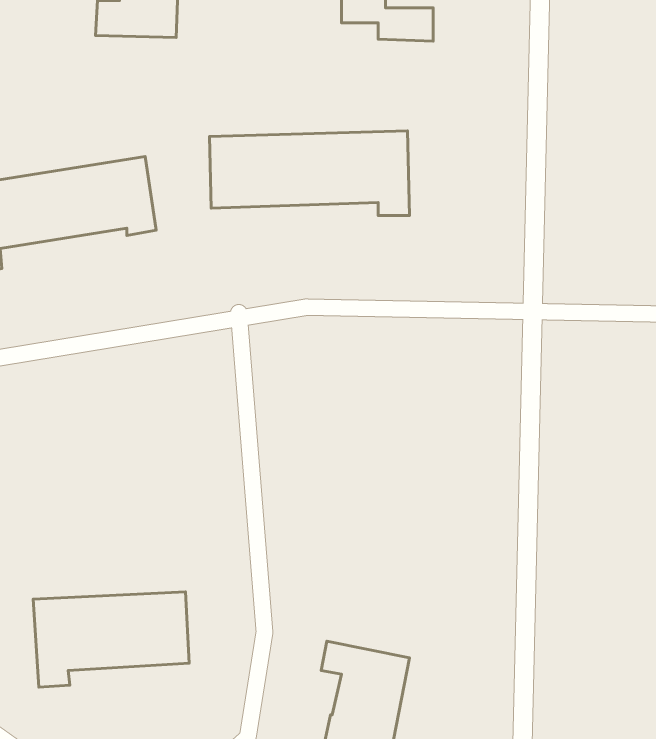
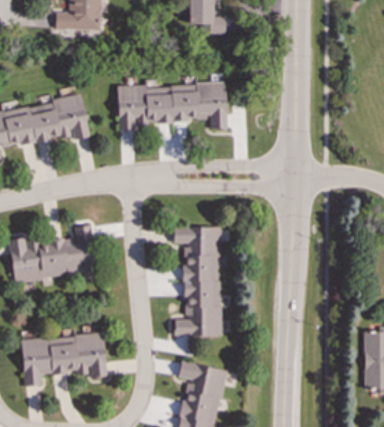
building: none -> [8,225,97,282]
building: none -> [173,227,221,336]

